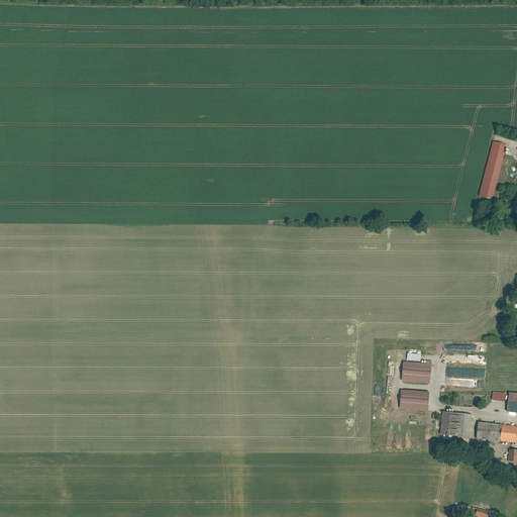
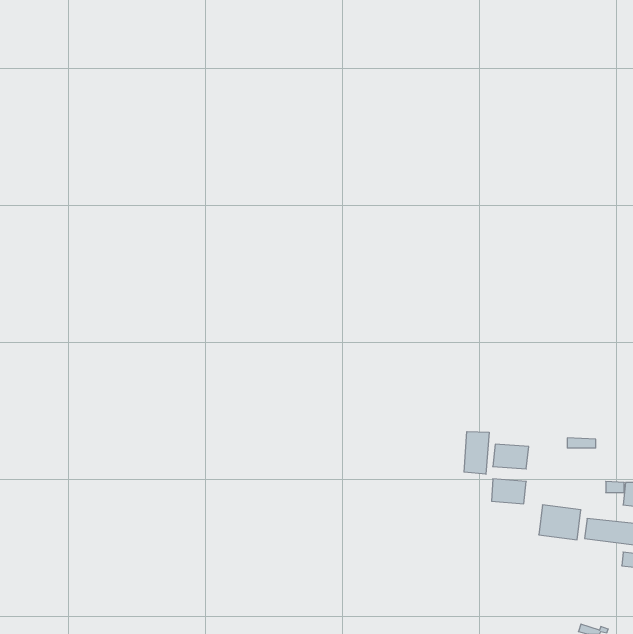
building: [478,141,507,200] -> none
building: none -> [464,432,489,474]

